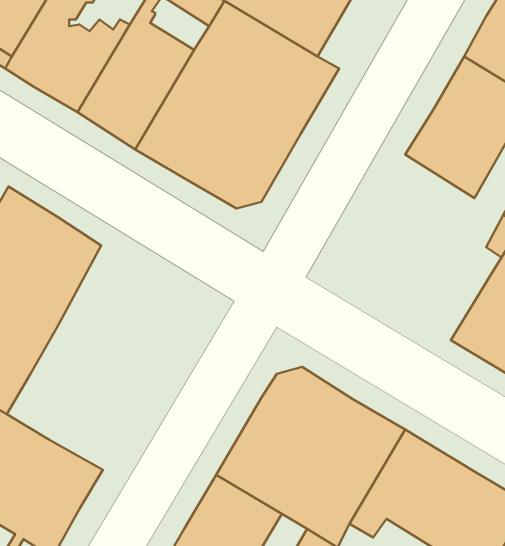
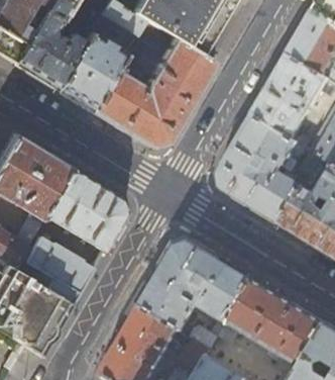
building: none -> [218,114,306,225]
building: none -> [45,169,125,251]
building: none -> [25,236,94,303]

